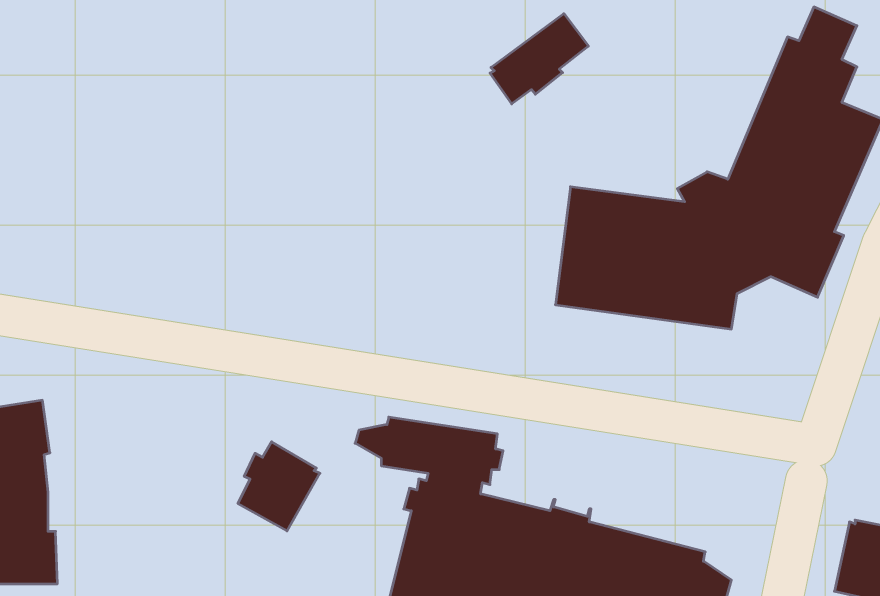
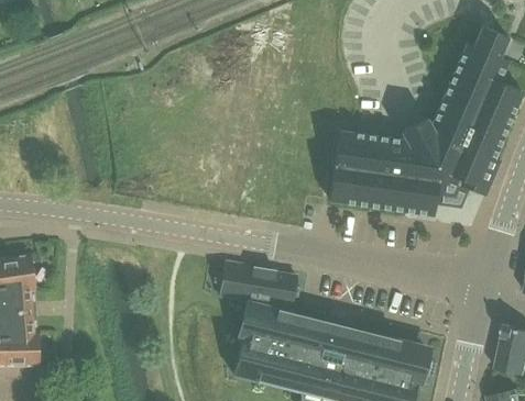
building: [490,14,588,104] -> none
building: [238,442,320,531] -> none

